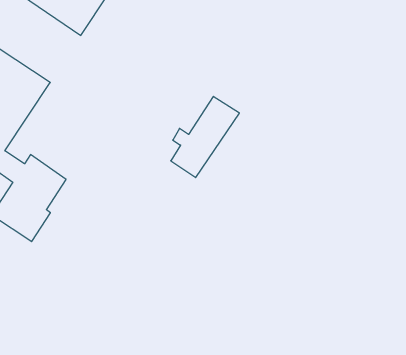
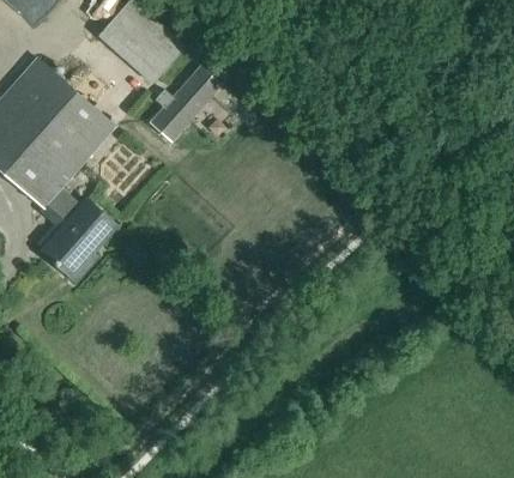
building: [171,96,239,178] -> [149,62,224,141]

